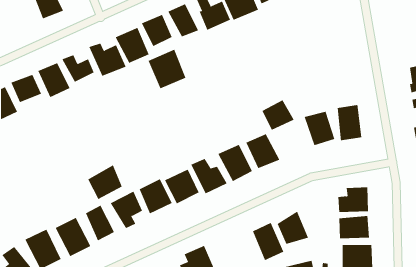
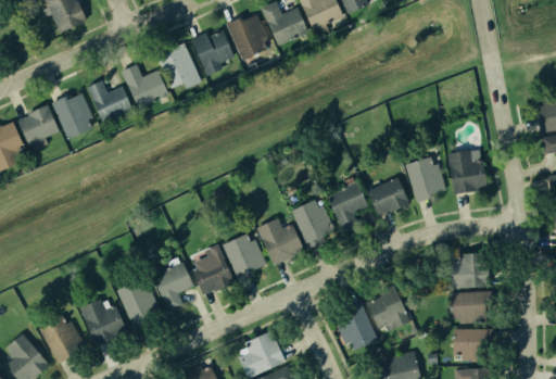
building: [148,49,186,89] -> none
building: [261,99,294,131] -> [368,175,412,216]
building: [87,165,123,200] -> none

